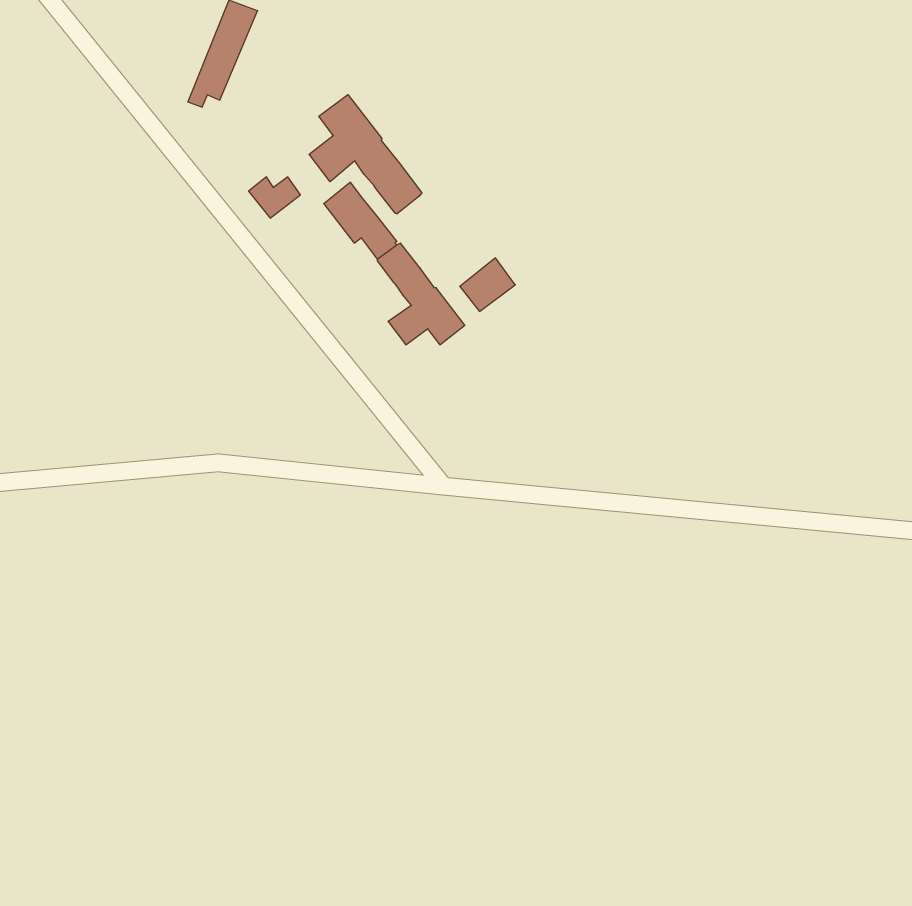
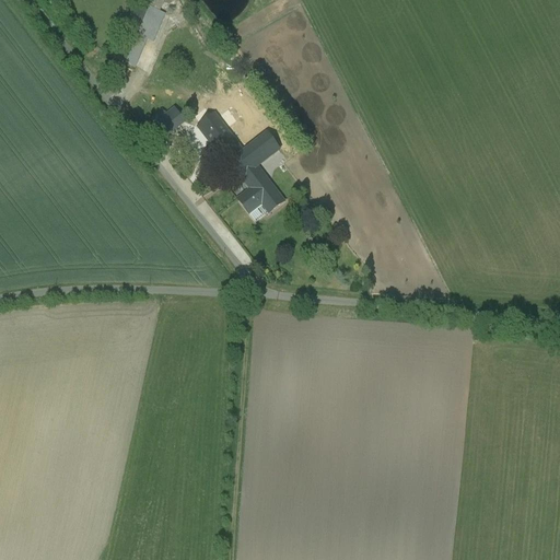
building: [309,95,422,214] -> none
building: [460,258,515,311] -> [246,131,280,164]

